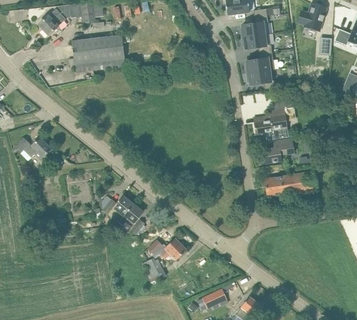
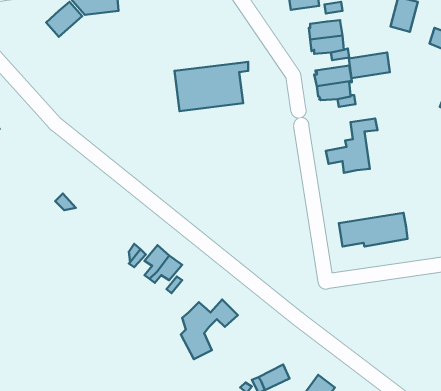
building: [72,33,129,71] -> [174,62,248,111]
building: none -> [349,52,390,78]
building: [15,136,51,159] -> none
building: [264,137,293,162] -> none

